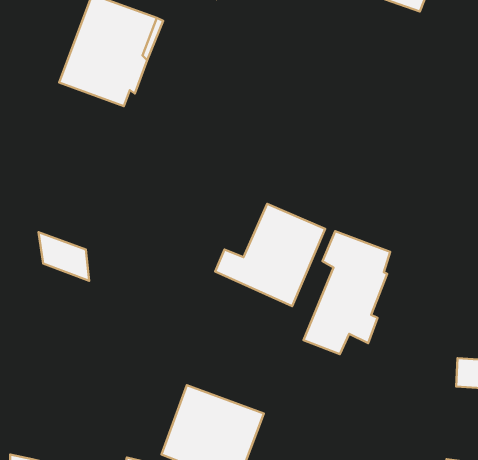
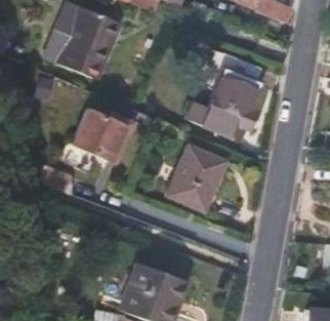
building: none -> [66,111,125,170]
building: [304,231,390,354] -> [203,54,259,134]

